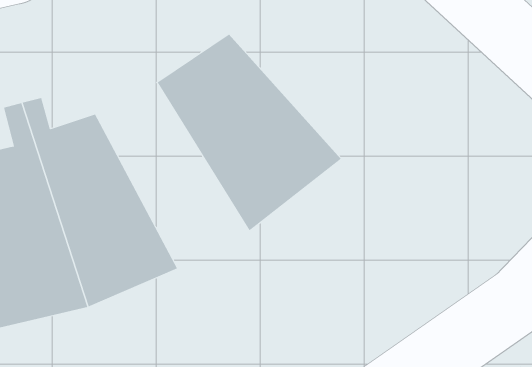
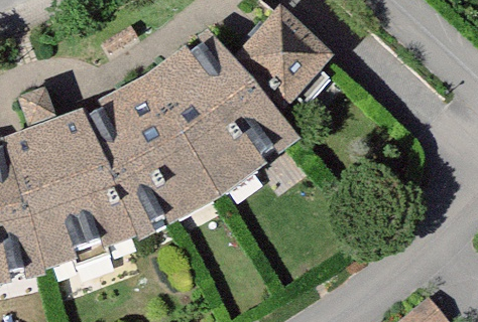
building: none -> [233,17,324,107]
building: none -> [92,76,216,226]

